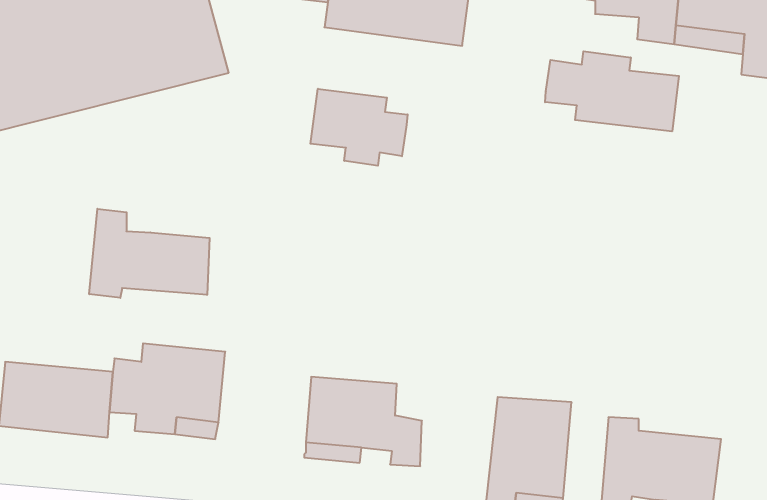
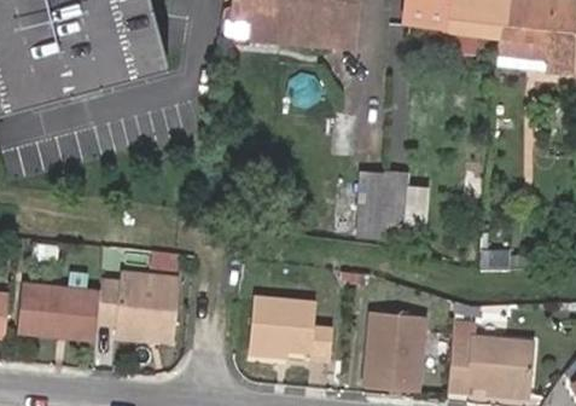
building: [545,51,679,131] -> none
building: [310,89,408,166] -> none
building: [89,209,210,298] -> none
building: none -> [355,172,406,236]

